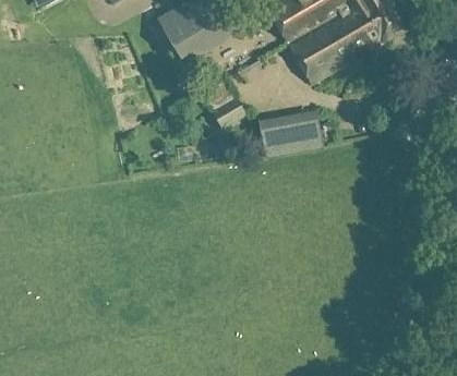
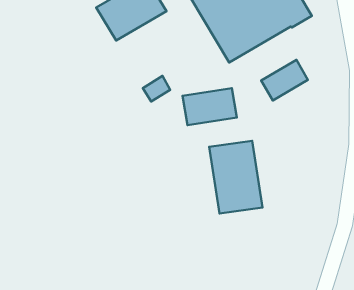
building: none -> [261,60,308,100]
building: none -> [209,141,262,213]

